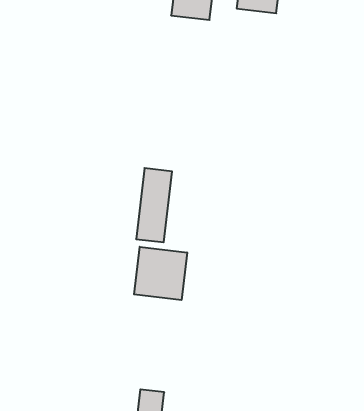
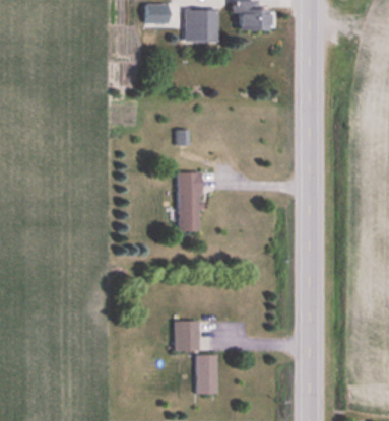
building: [134,247,187,300] -> none
building: none -> [175,321,199,353]

